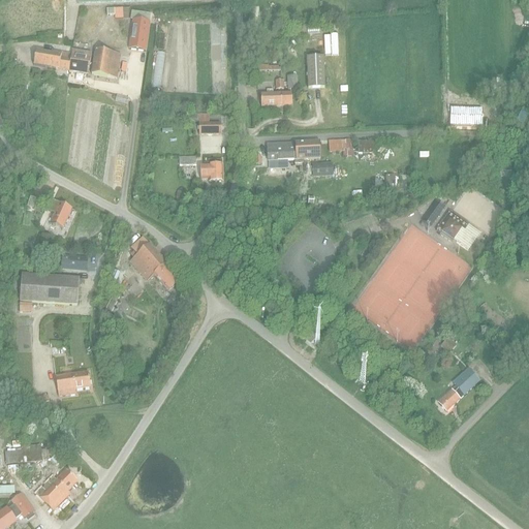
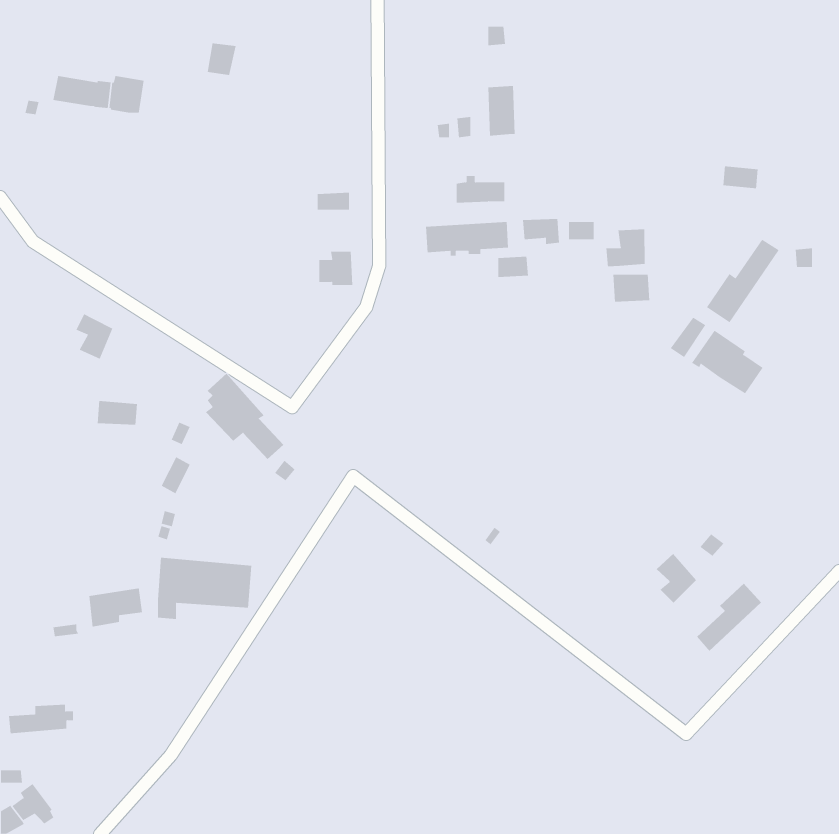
building: [91,48,120,76] -> none
building: [260,87,291,104] -> [456,175,505,203]
building: none -> [606,228,645,267]
building: none -> [706,239,780,323]
building: [20,272,80,311] -> [157,557,252,620]
building: none -> [656,553,697,603]
building: [33,468,77,508] -> none

